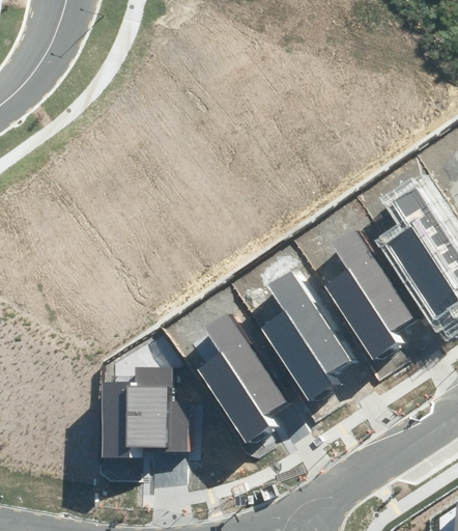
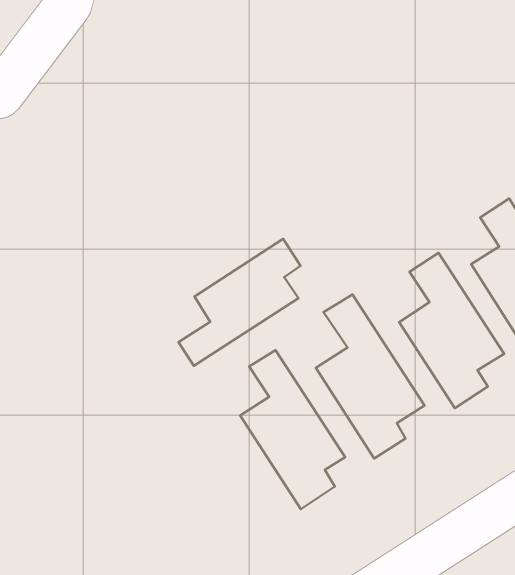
building: none -> [178,239,301,366]
building: [102,367,191,458] -> none

